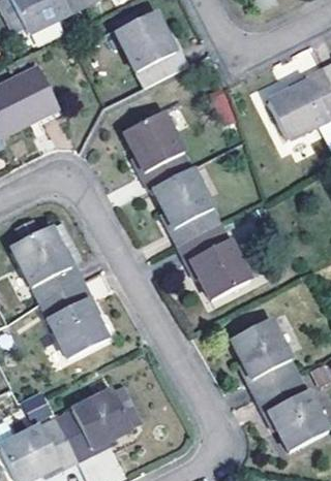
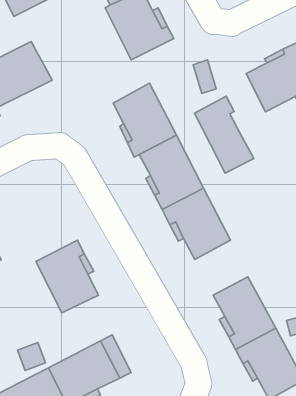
building: none -> [195,96,254,173]
building: [12,220,85,302] -> none

